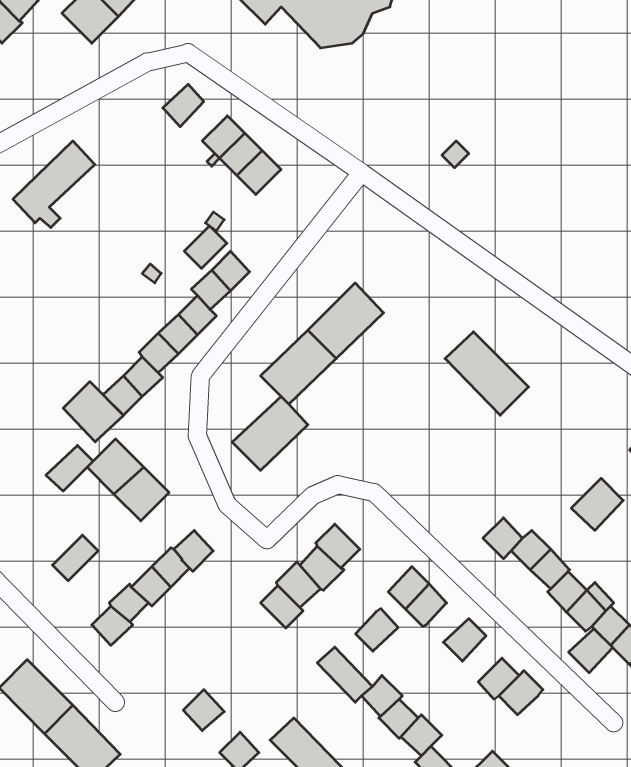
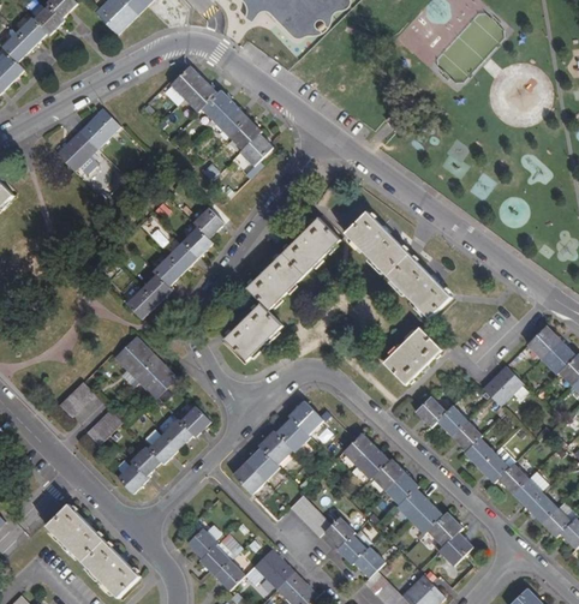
building: none -> [185,79,217,112]
building: [184,226,227,268] -> [240,133,273,166]
building: none -> [346,211,408,275]
building: [63,382,124,442] -> none
building: none -> [384,328,441,384]
building: [46,445,93,491] -> [59,382,95,417]
building: none -> [233,461,265,494]
building: [356,609,398,651] -> [372,459,405,491]
building: [569,629,613,673] -> [438,532,472,566]
building: none -> [398,489,430,521]
building: none -> [201,540,232,575]

